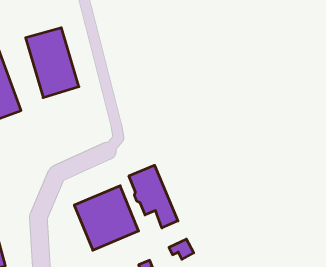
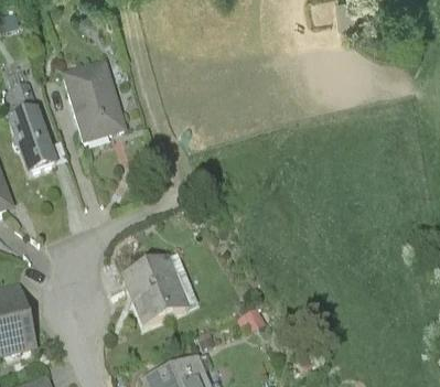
building: [129,165,178,228] -> none

